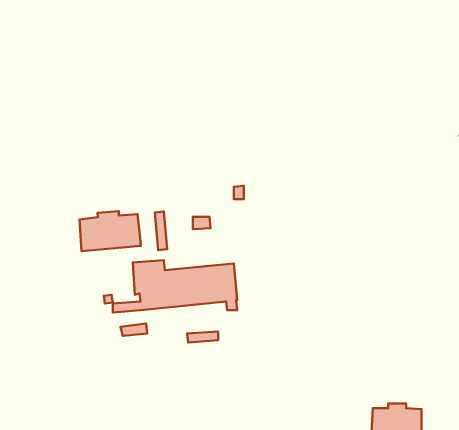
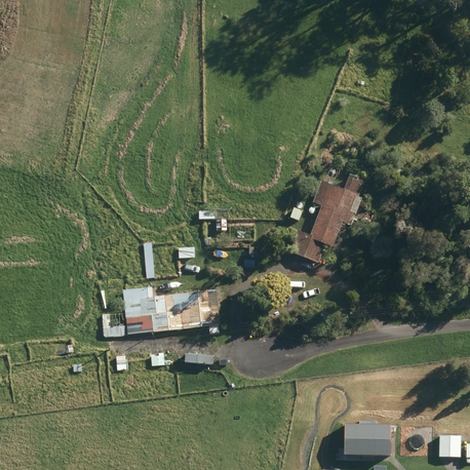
building: none -> [290,177,363,263]
building: [79,211,141,251] -> none

